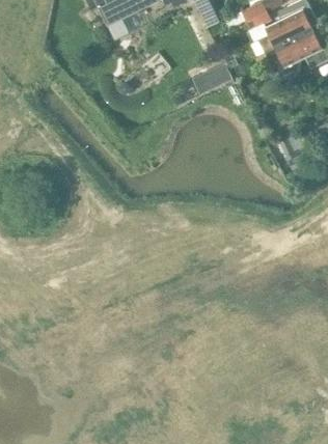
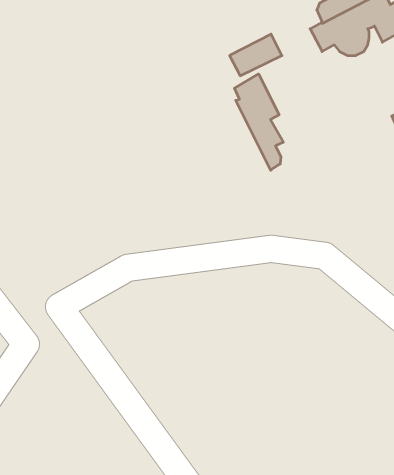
building: none -> [234,74,283,170]

